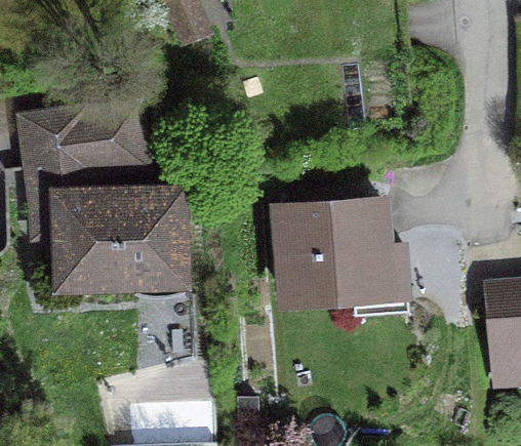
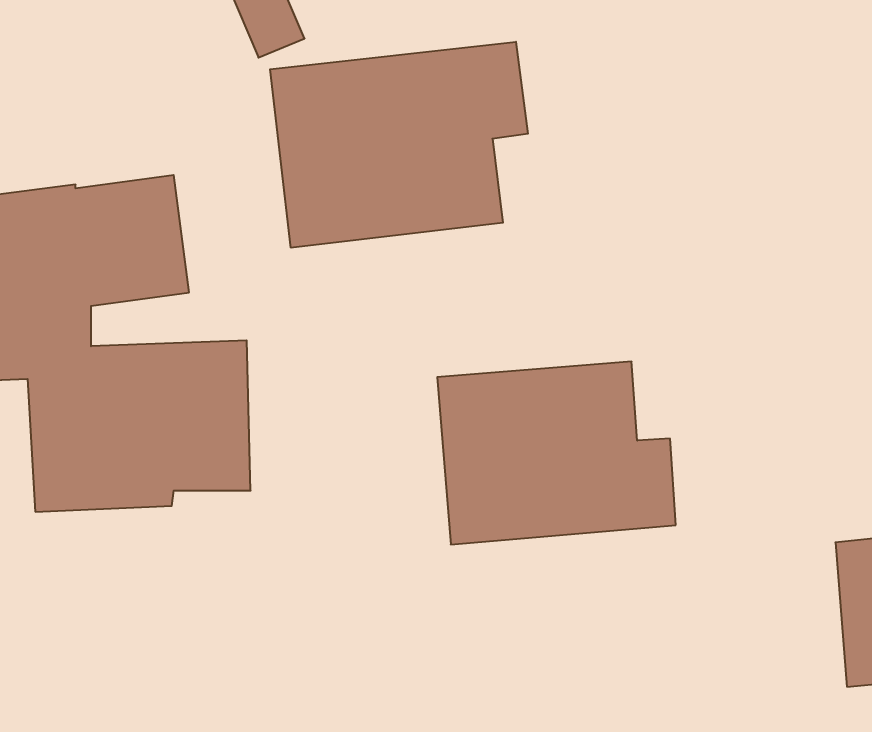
building: none -> [270,42,528,248]

